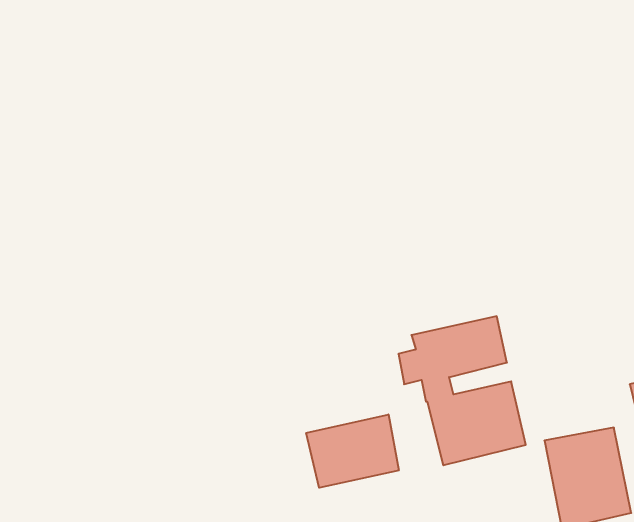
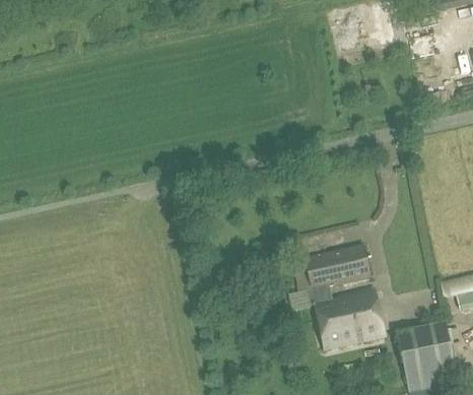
building: [306,414,399,488] -> none

